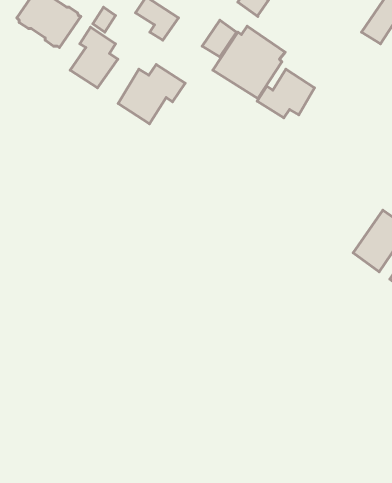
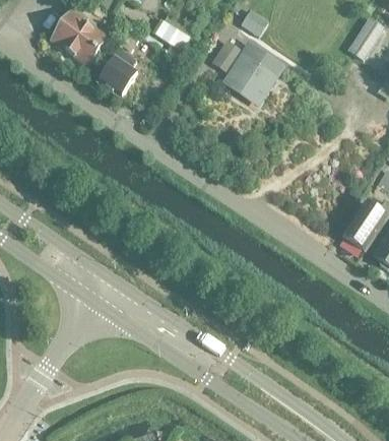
building: [118,65,185,124] -> none
building: [257,69,315,118] -> none

